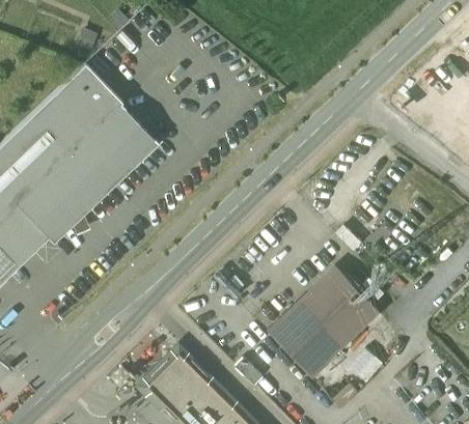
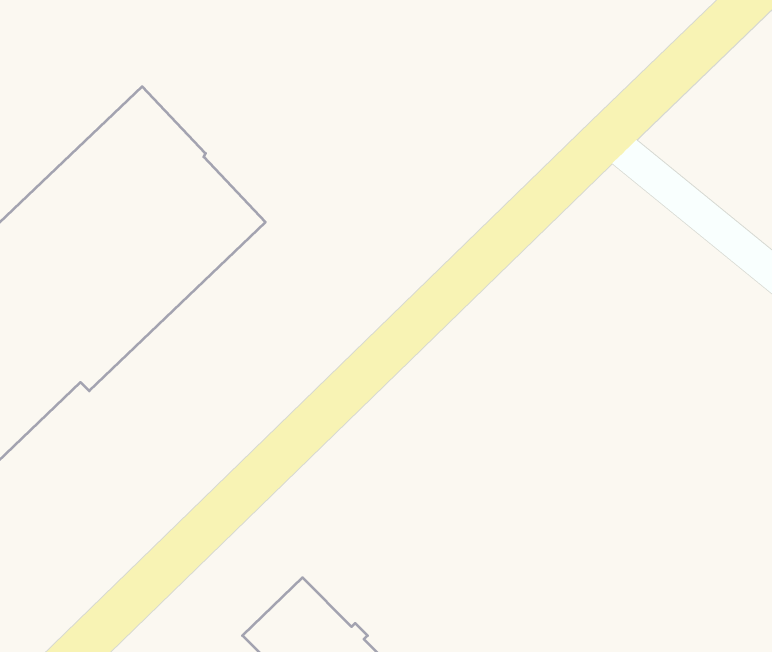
building: [269,266,381,377] -> none

